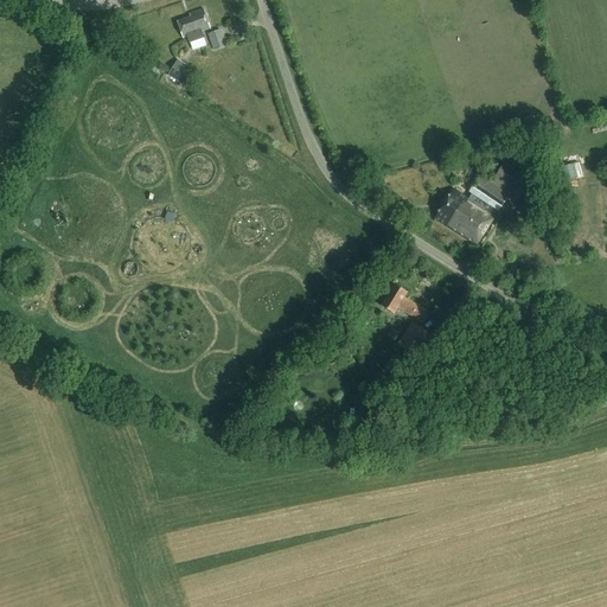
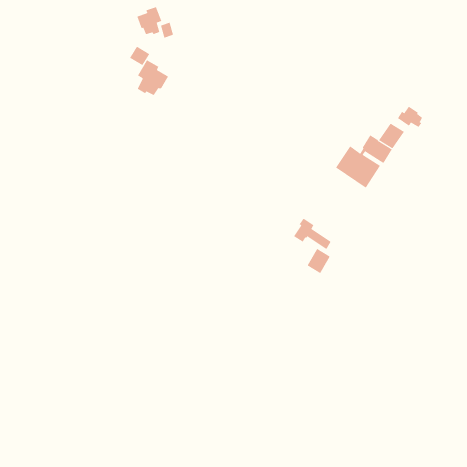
building: none -> [137,60,169,96]
building: none -> [397,106,423,128]

